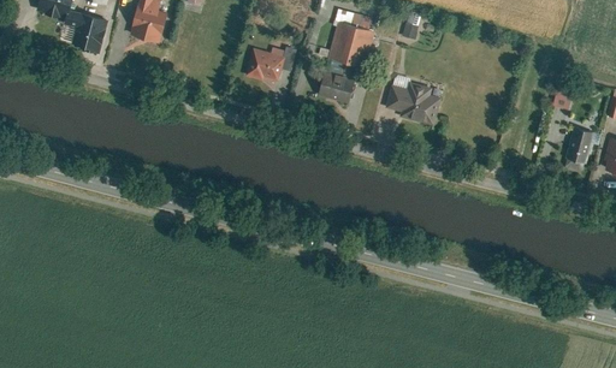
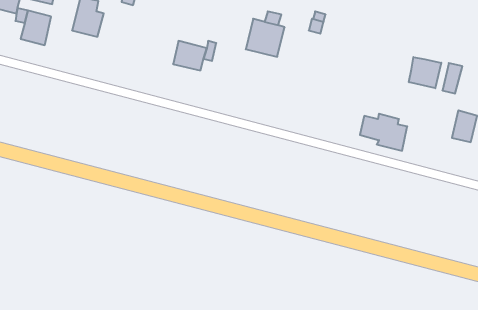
building: none -> [409,57,441,88]
building: [319,72,354,101] -> none
building: [385,82,439,124] -> [360,114,407,151]

